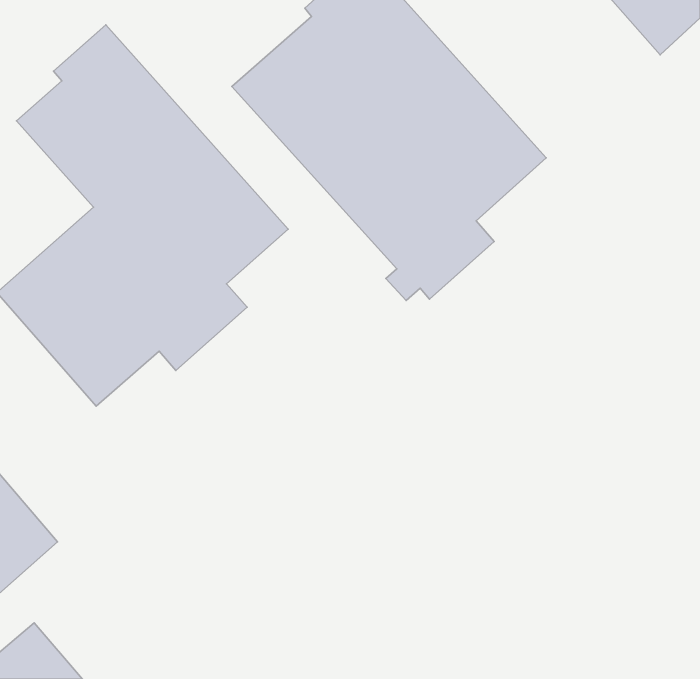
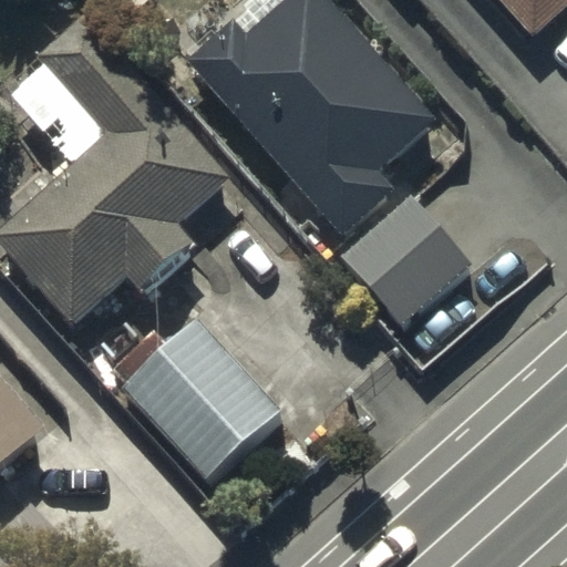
building: none -> [341,198,474,349]
building: none -> [123,323,282,485]

